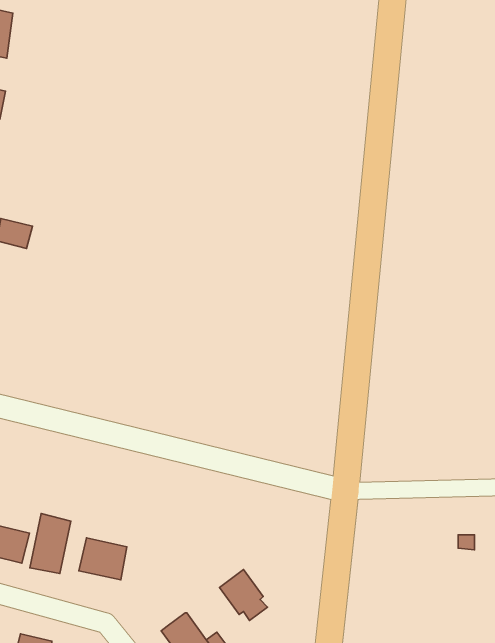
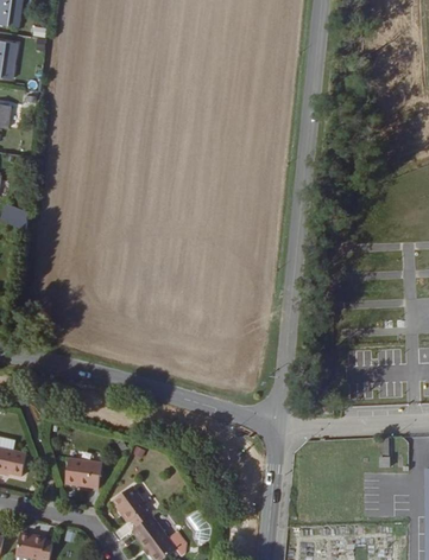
building: [30,514,71,574] -> none
building: [220,570,268,621] -> [115,485,153,526]

